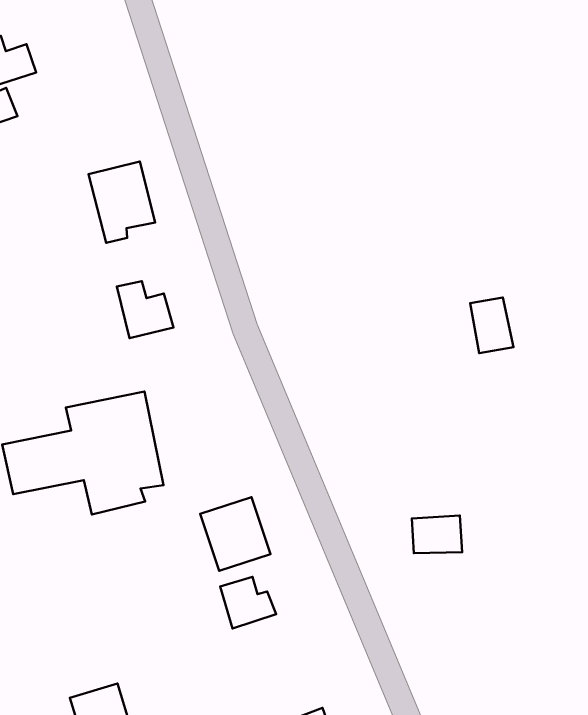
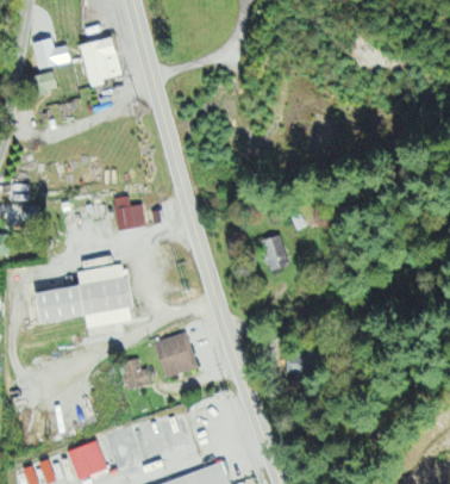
building: [88,161,155,243] -> [81,38,120,87]
building: [470,297,514,353] -> [262,235,287,268]
building: [220,577,276,628] -> [118,358,151,389]

